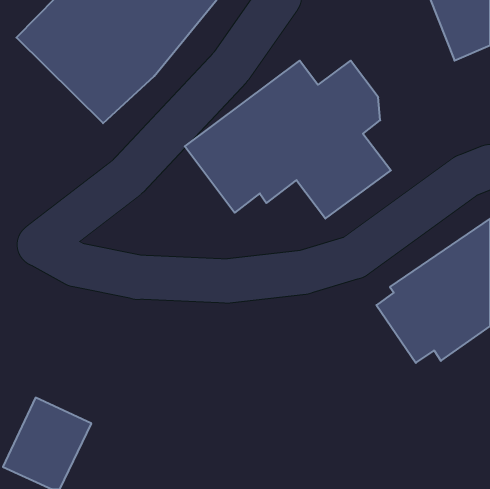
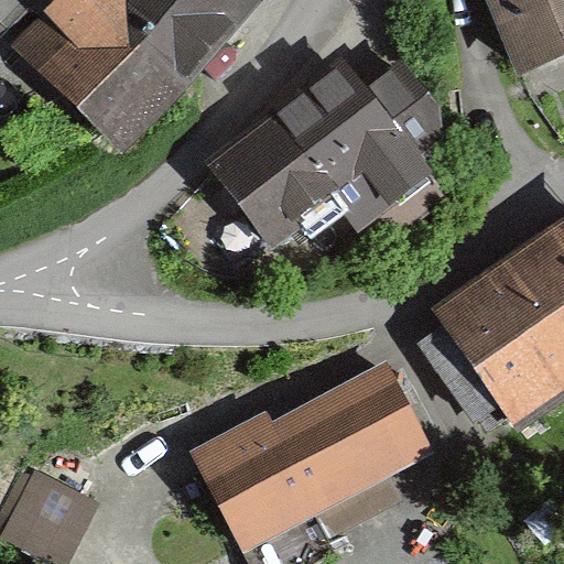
building: none -> [200,372,427,546]

